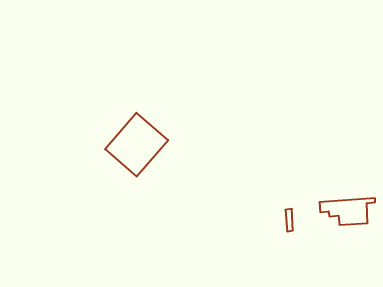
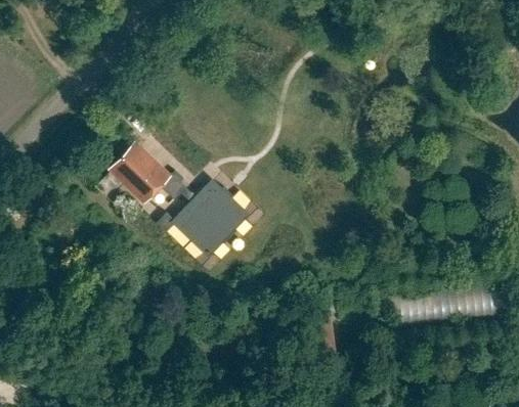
building: none -> [107,147,170,204]

